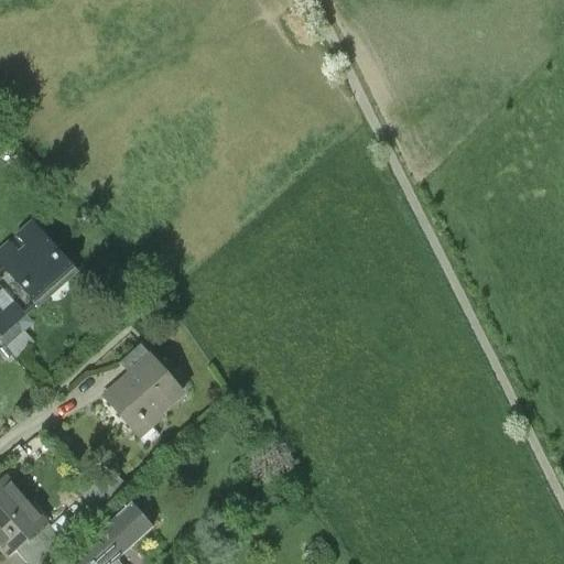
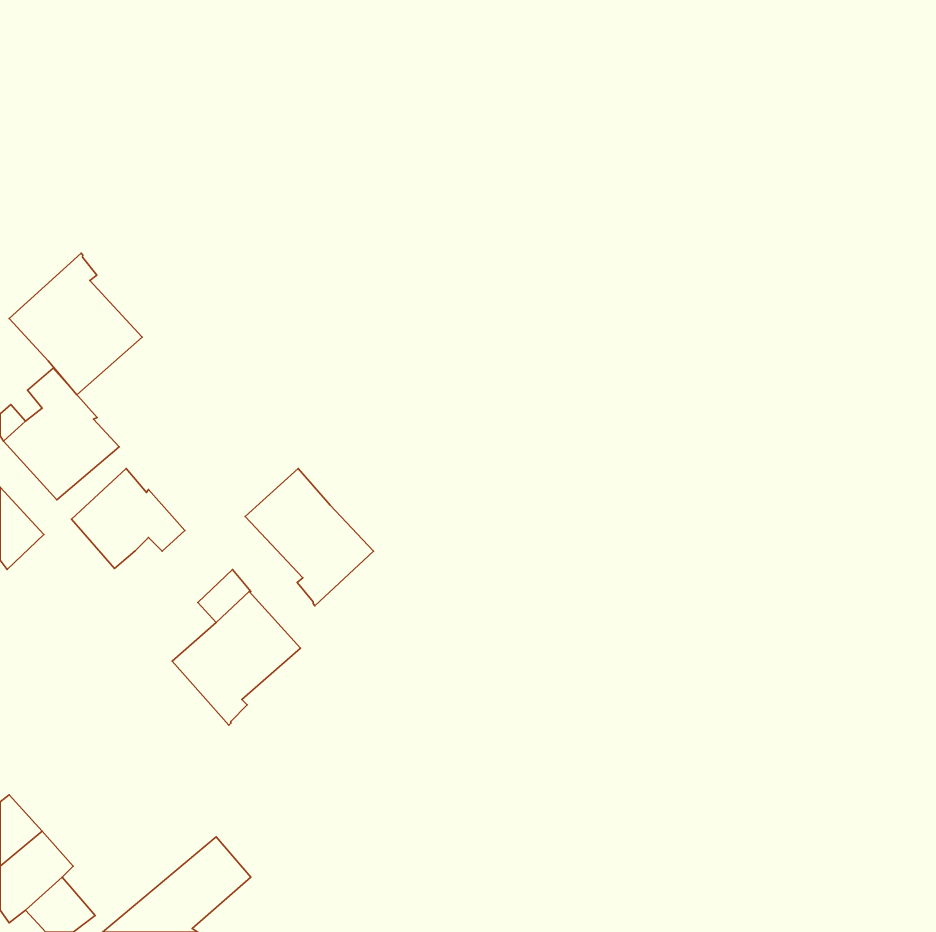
building: none -> [9,253,142,395]
building: none -> [245,469,373,606]
building: none -> [72,469,185,569]

